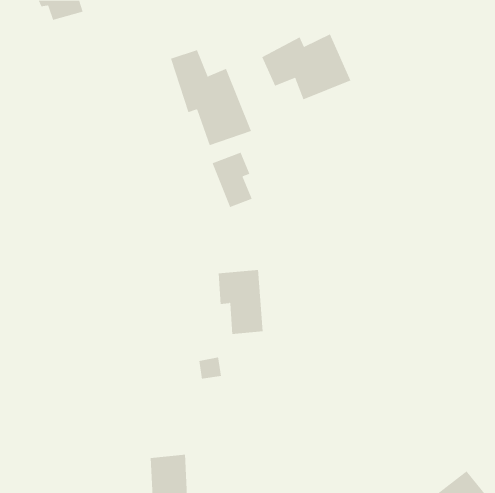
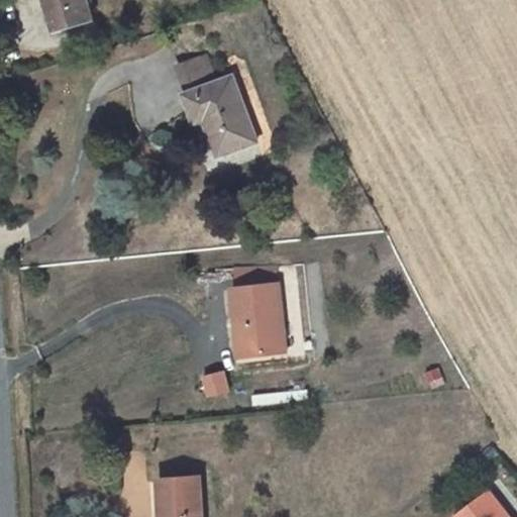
building: [261,34,351,100] -> none
building: [212,152,253,208] -> none

